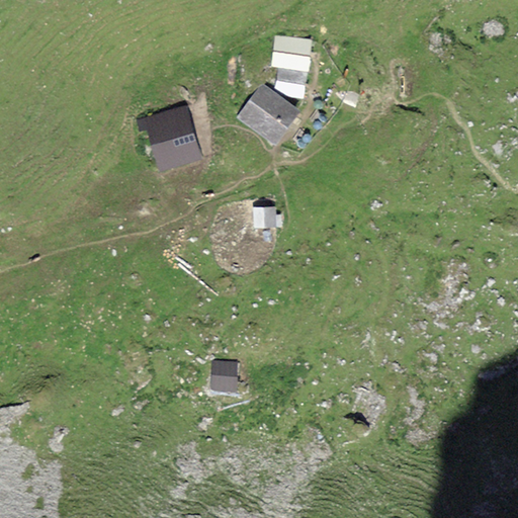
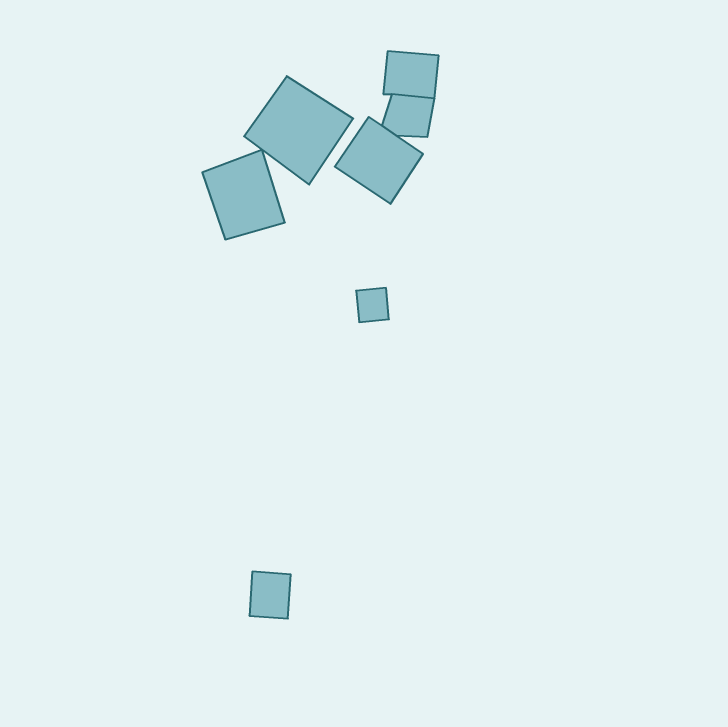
building: none -> [244,76,353,185]
building: [209,360,239,394] -> [249,572,291,619]

